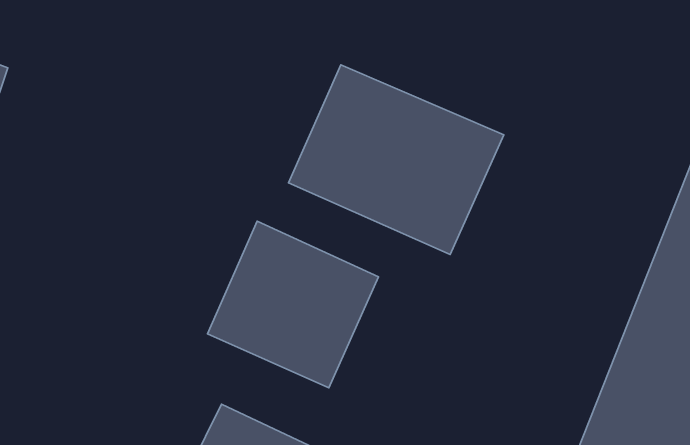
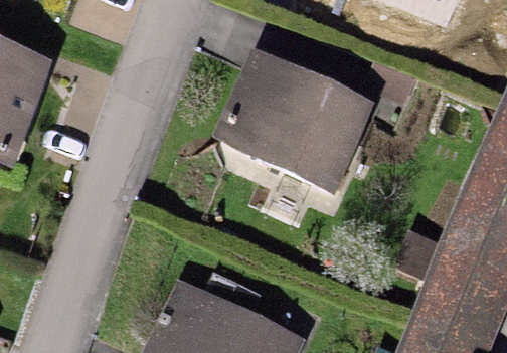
building: [208,221,378,388] -> none

